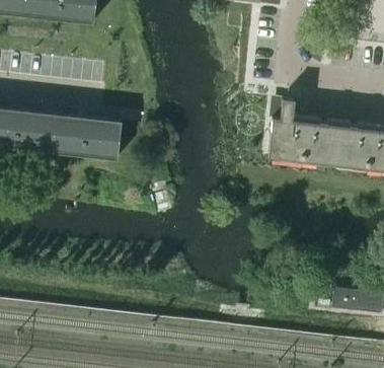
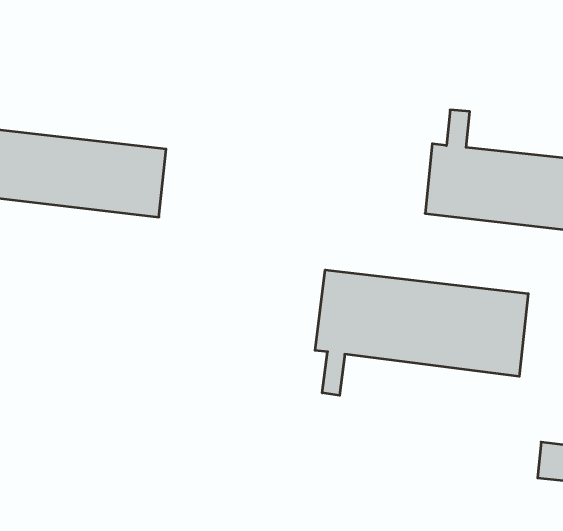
building: none -> [315,270,528,395]

